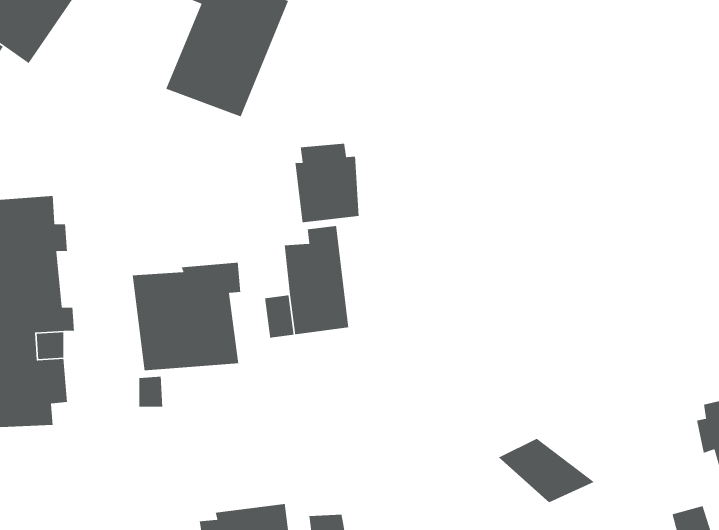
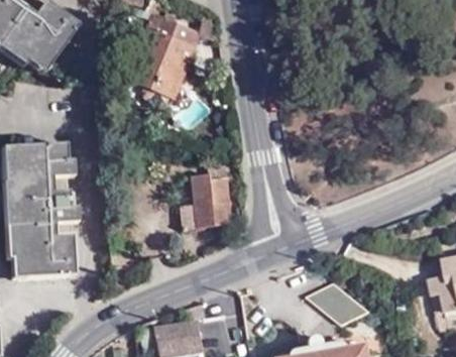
building: [295,143,359,223] -> none
building: [132,262,241,371] -> none

